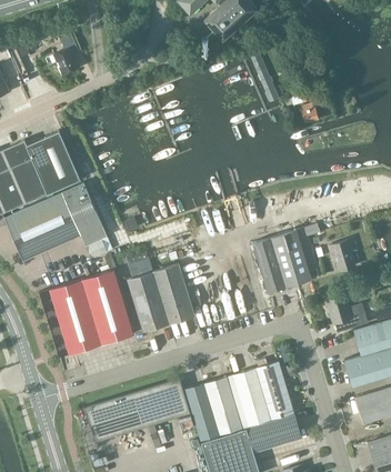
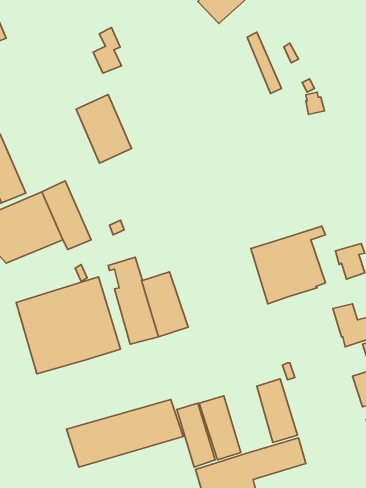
building: [53,34,79,76] -> [93,28,121,73]
building: [30,131,80,193] -> [76,94,131,163]
building: [232,370,270,426] -> none

